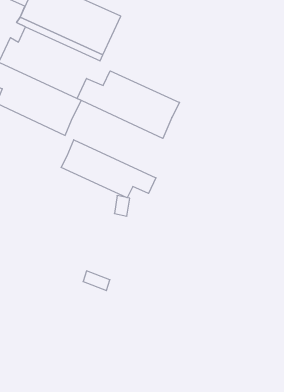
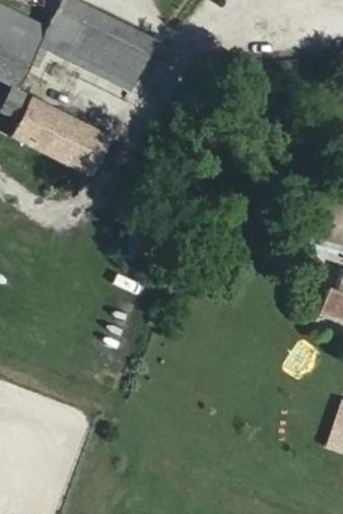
building: [77,71,180,138] -> none
building: [61,140,156,198] -> none

